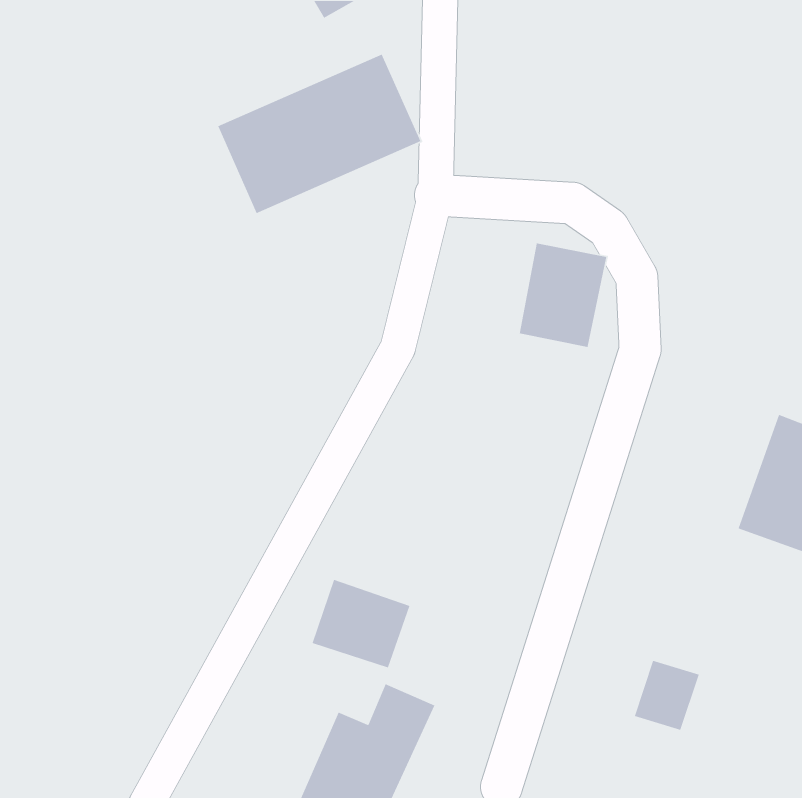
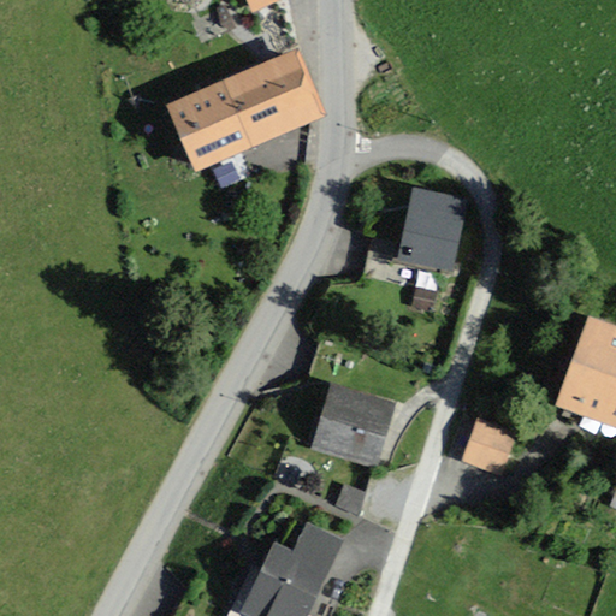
building: [311,579,410,669] -> [318,396,393,464]
building: [634,660,700,731] -> [461,426,511,480]

